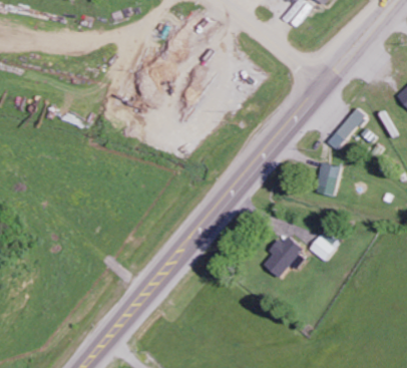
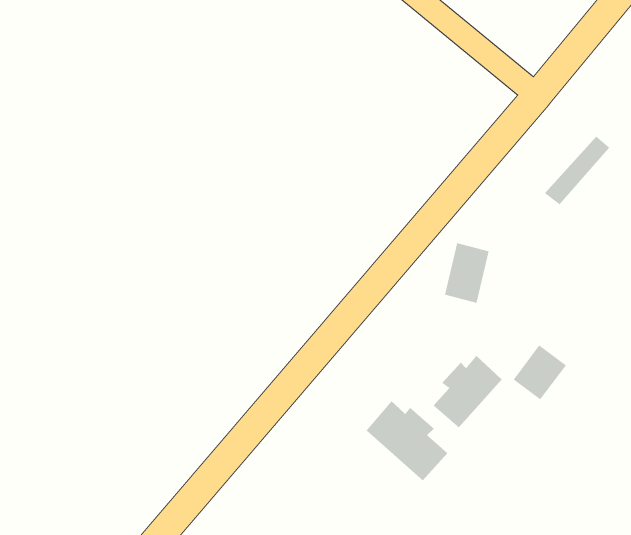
building: [315,162,341,198] -> [444,243,489,303]
building: none -> [366,401,448,481]

